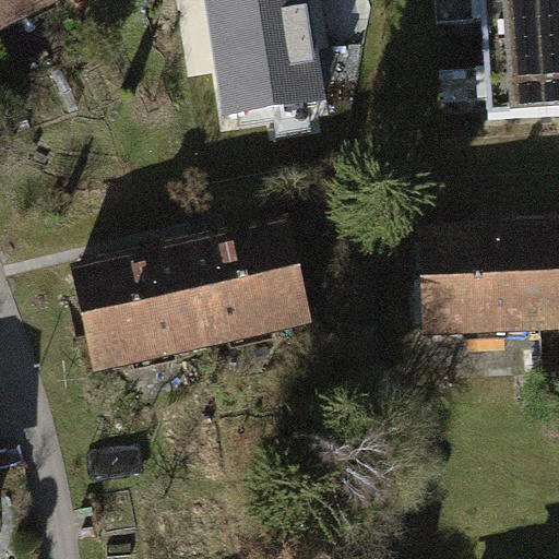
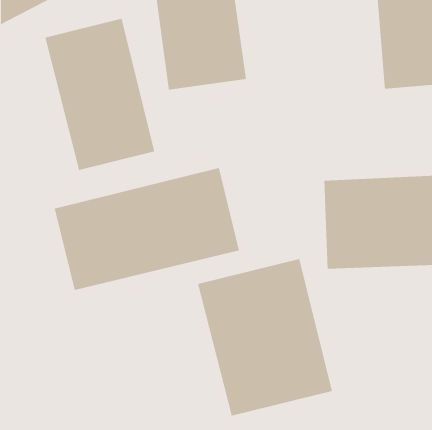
building: none -> [45,18,155,171]
building: none -> [197,258,333,417]

